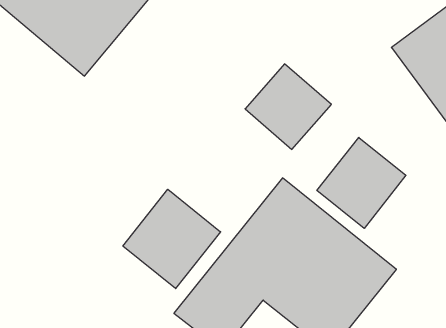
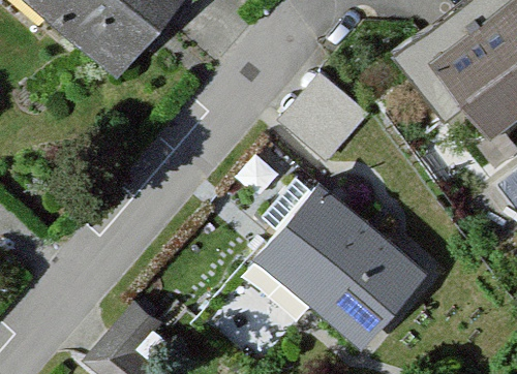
building: [317,137,406,228] -> none
building: [123,189,221,289] -> none

